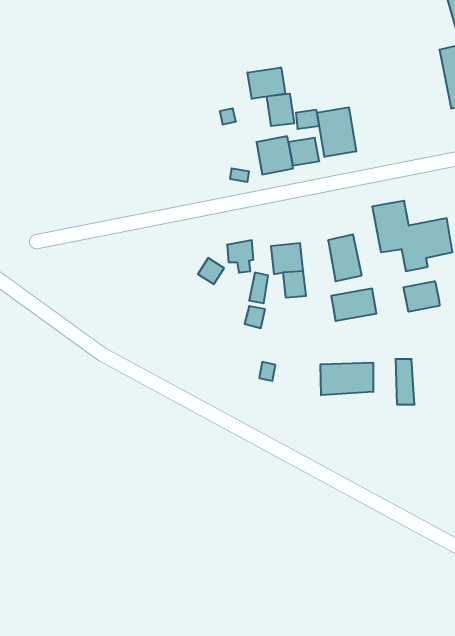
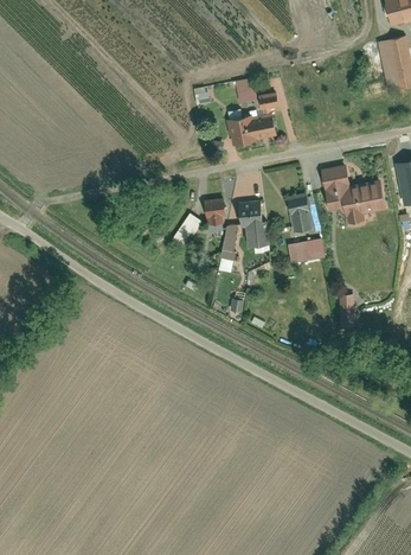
building: [247,67,285,99] -> none
building: [317,107,356,157] -> none
building: [404,281,440,312] -> none
building: [320,363,373,395] -> none

